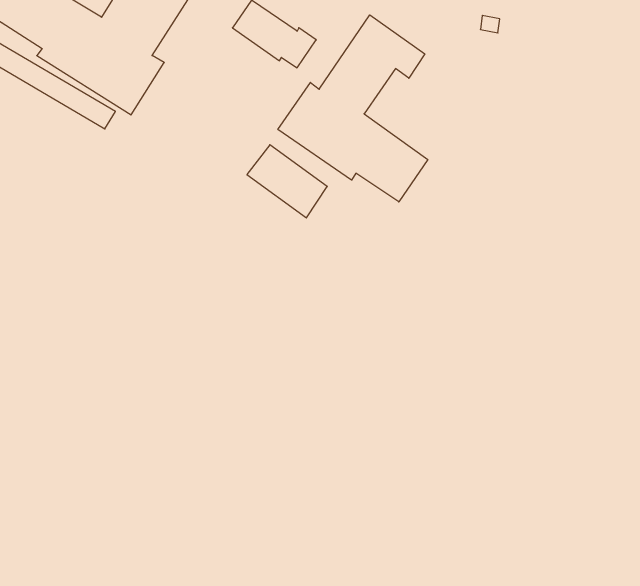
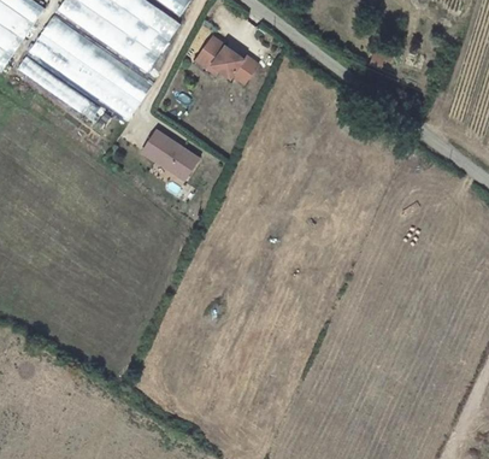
building: [278,15,428,202] -> none
building: [247,145,327,218] -> [141,130,196,181]

